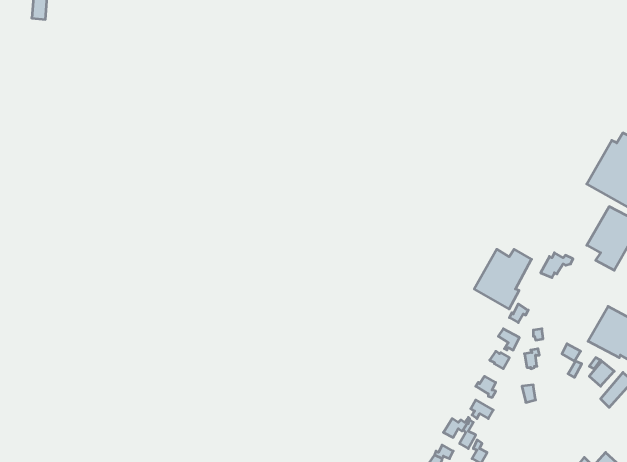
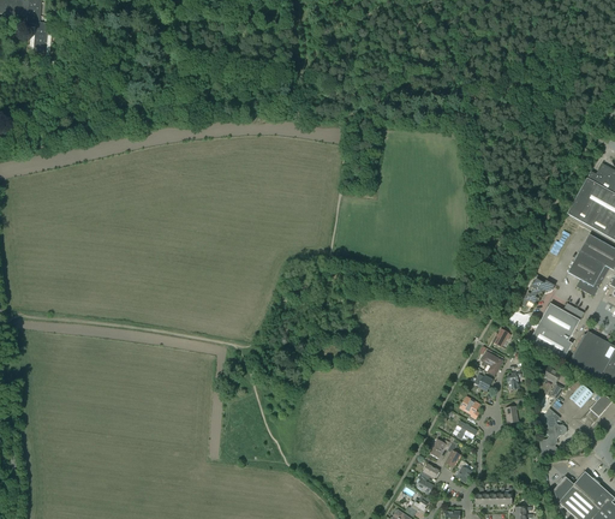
building: [474,249,532,309] -> [529,303,584,360]
building: none -> [539,408,566,454]

